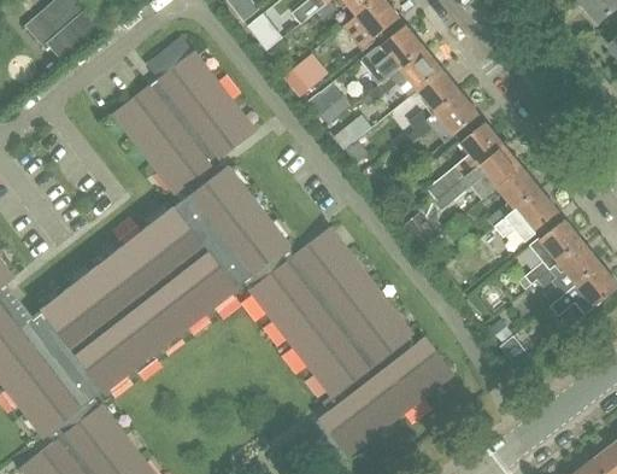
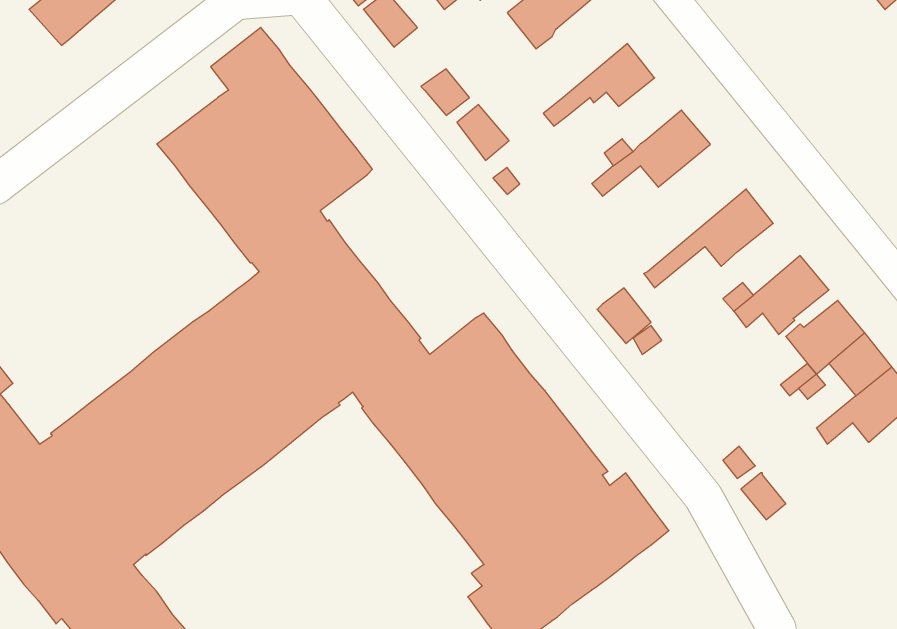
building: [362,25,424,84] -> none
building: [418,70,460,115] -> none
building: [428,123,504,200] -> none
building: [498,168,540,210] -> none

